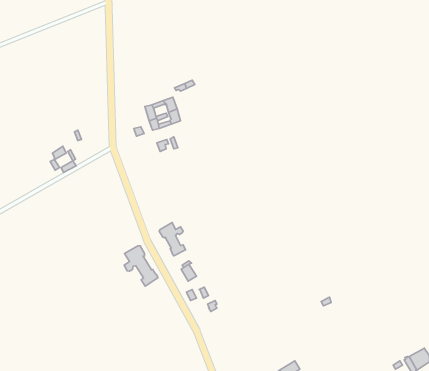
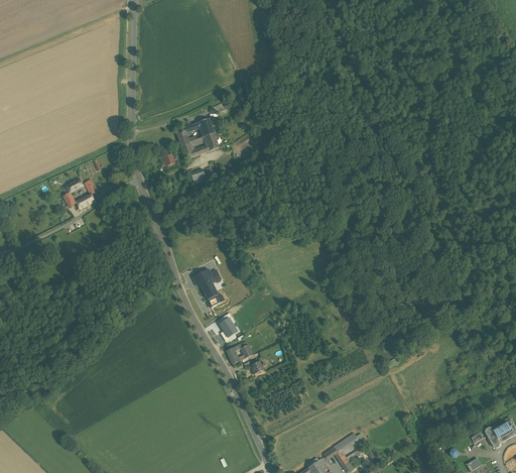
building: [124,246,158,286] -> none

